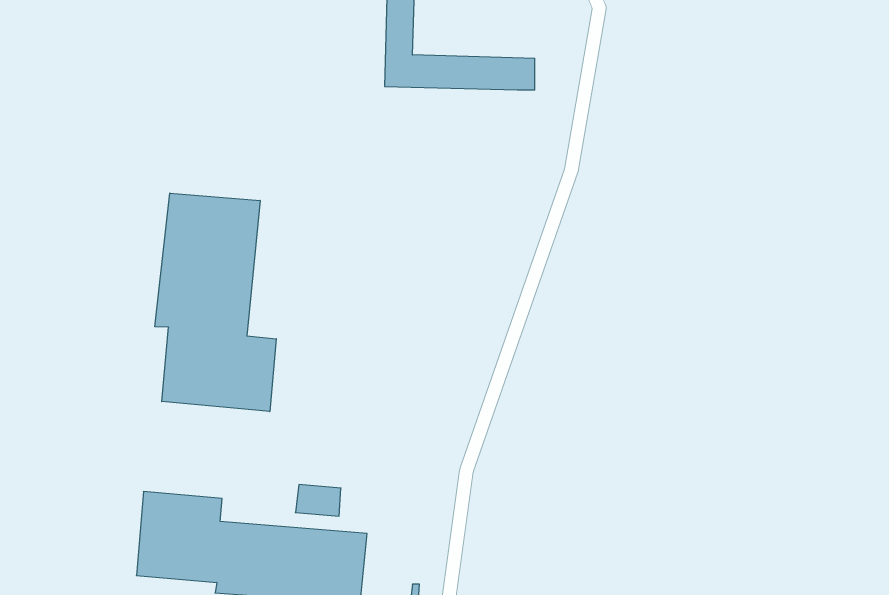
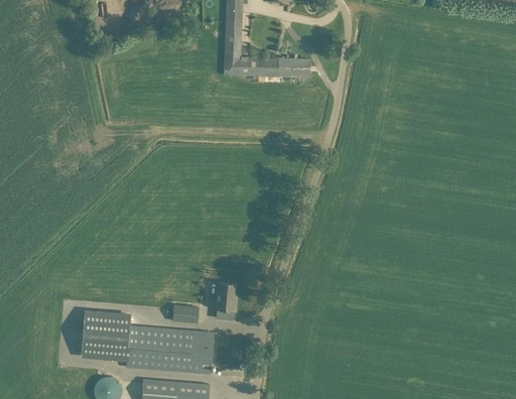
building: [155,193,276,412] -> none
building: none -> [214,282,235,310]

